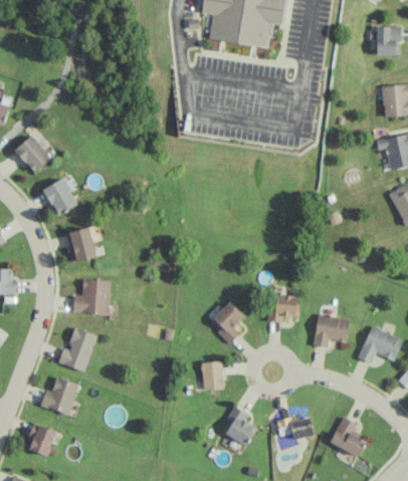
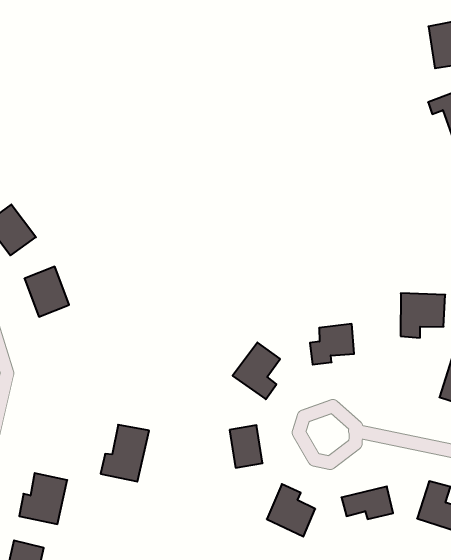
building: [72,280,110,314] -> none
building: [313,314,349,348] -> [401,293,445,338]
building: [57,328,96,372] -> [101,425,149,482]

